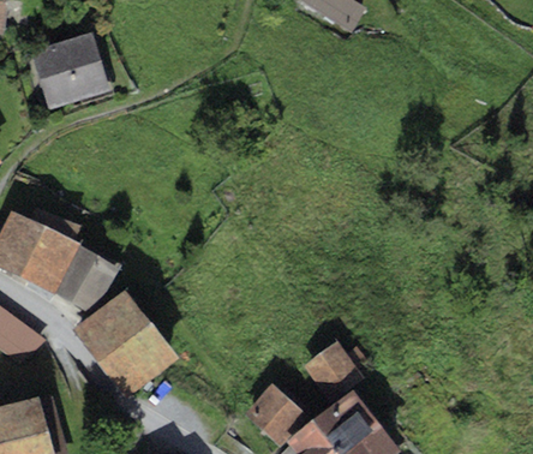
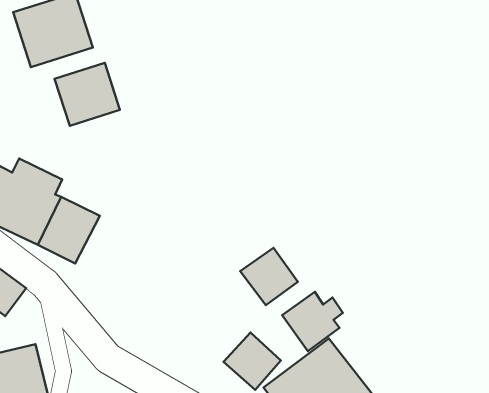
building: none -> [55,63,120,126]
building: [73,289,176,396] -> none
building: none -> [240,248,298,305]

